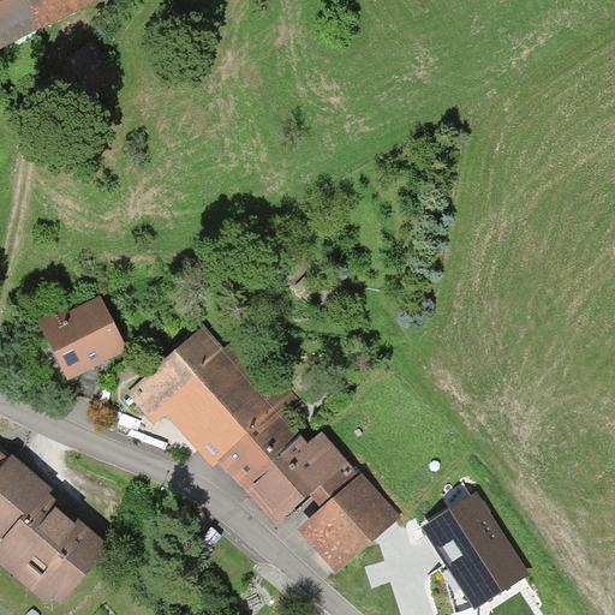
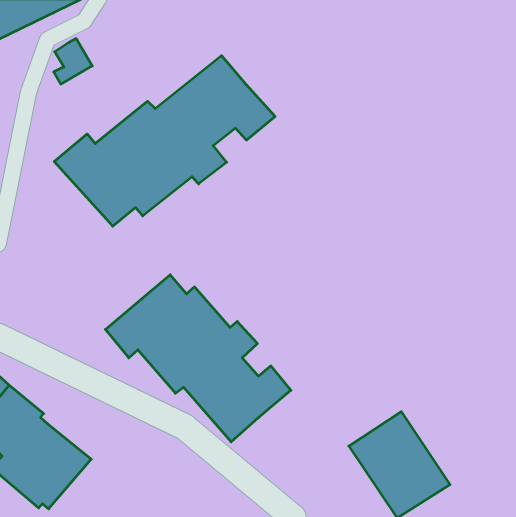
building: none -> [54,56,275,226]
building: [36,297,125,378] -> none
building: [294,462,396,572] -> none

